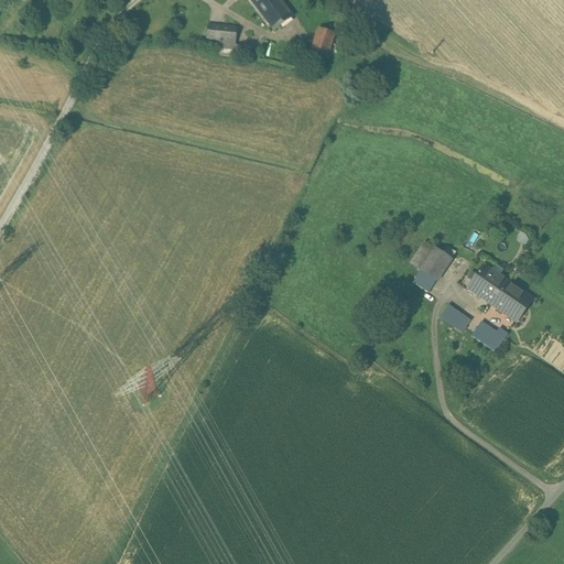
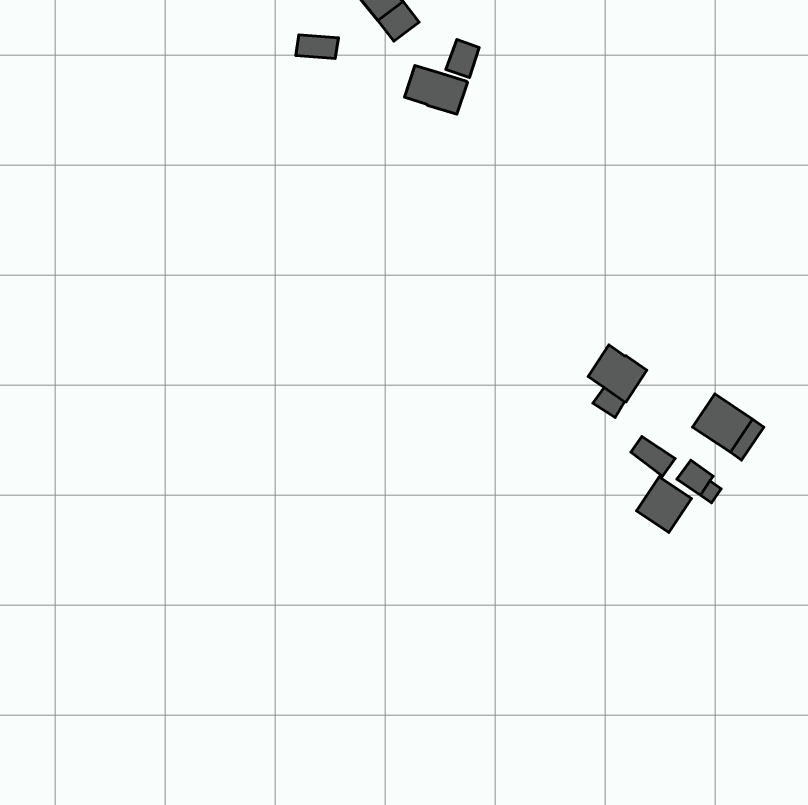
building: none -> [404,65,467,114]
building: [467,264,498,297] -> none
building: none -> [636,477,691,533]

